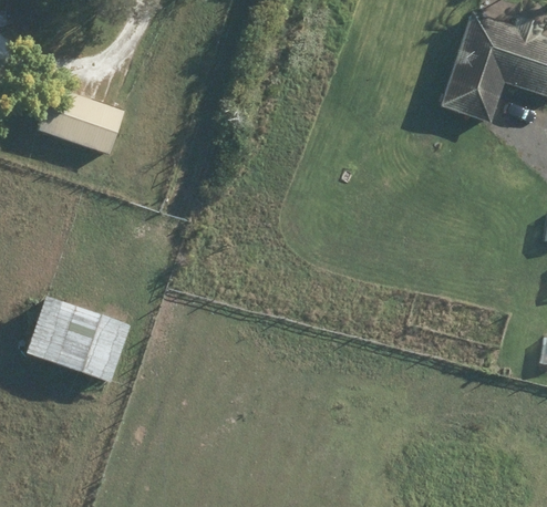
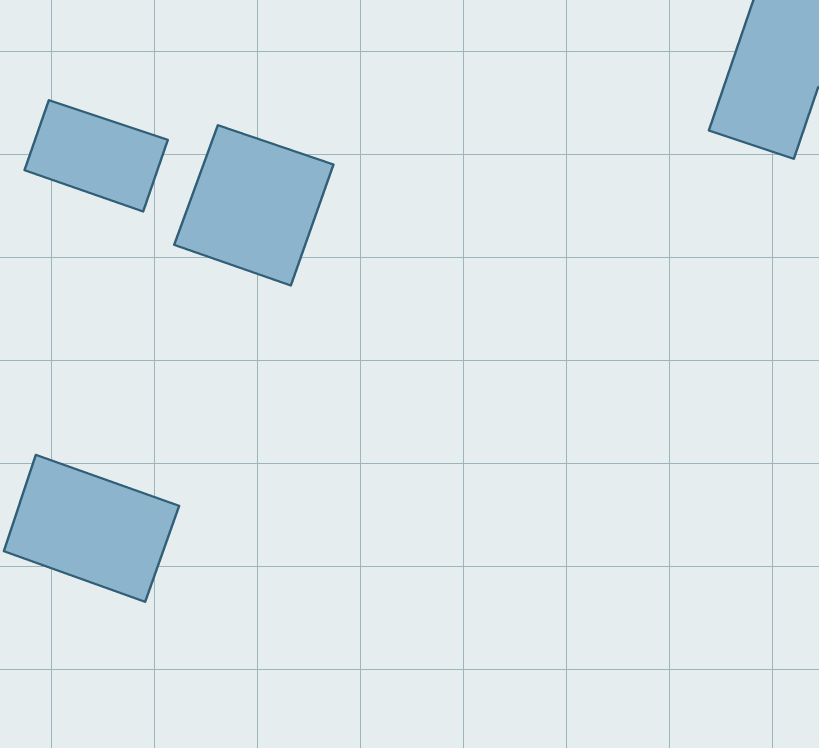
building: none -> [174,125,333,285]

